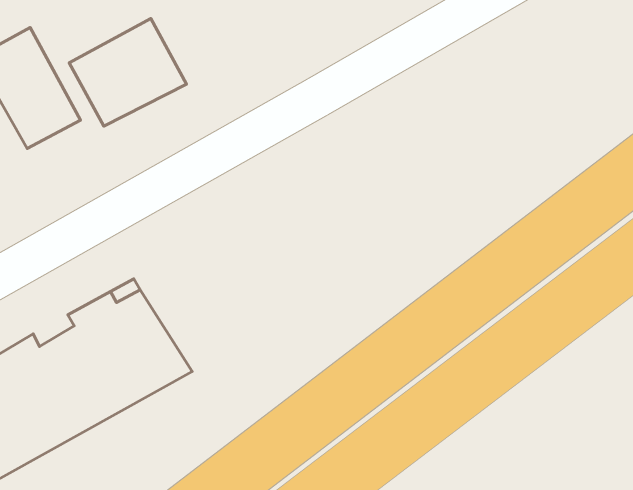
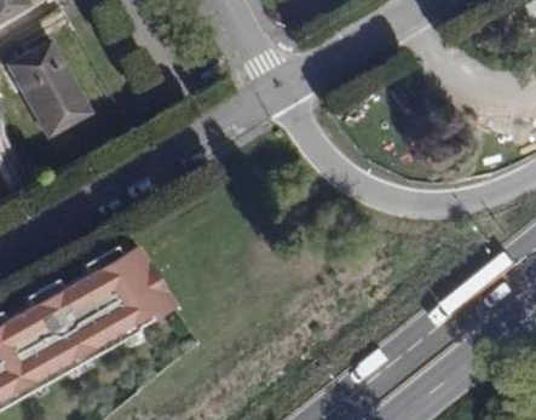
building: [69,19,186,126] -> none

